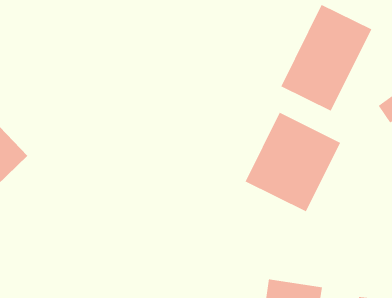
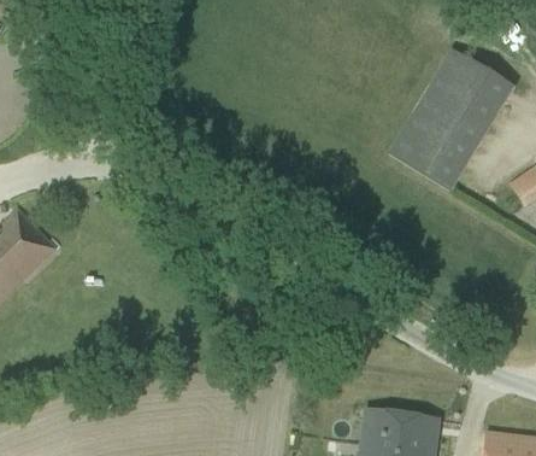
building: [245,112,341,212] -> none

